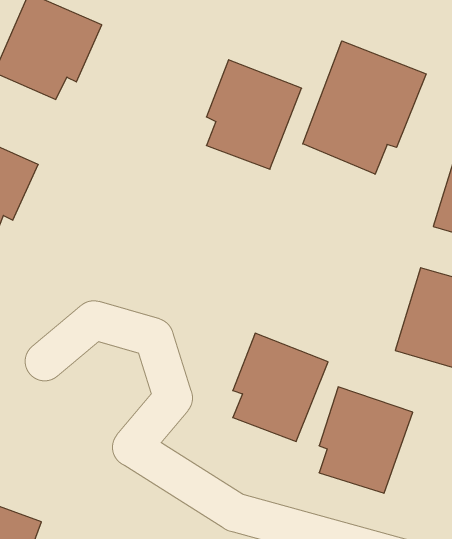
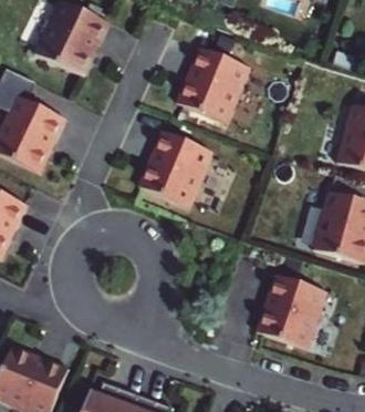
building: [303,41,426,174] -> none
building: [233,333,328,441] -> [145,130,211,205]

